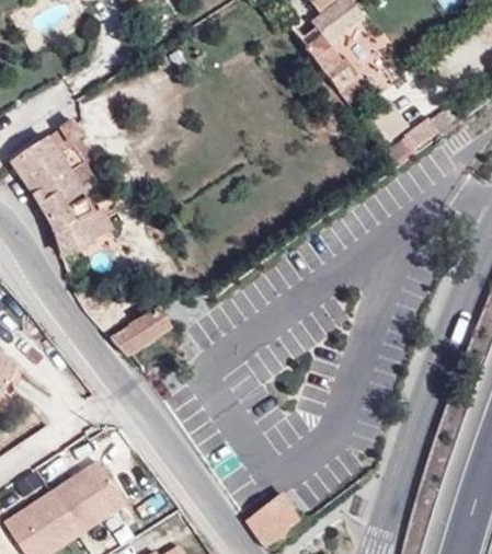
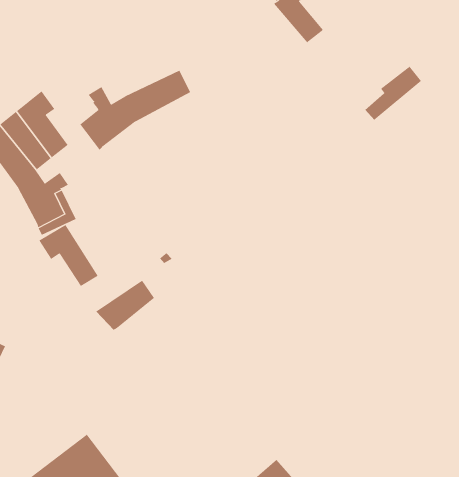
building: none -> [79,70,191,151]
building: none -> [38,224,98,287]

